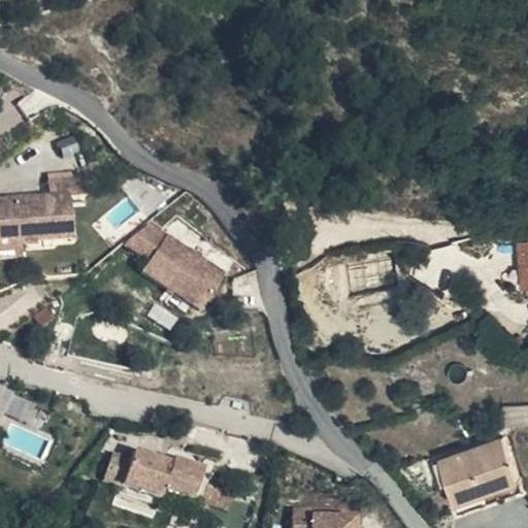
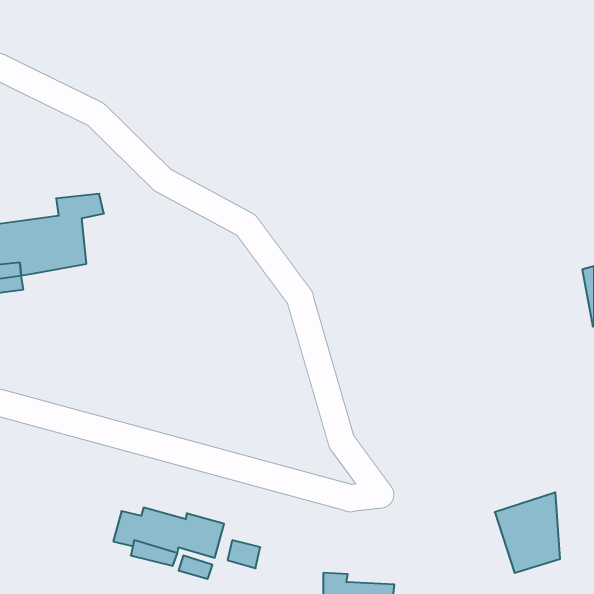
building: [128,224,225,309] -> none
building: [491,434,518,496] -> none

